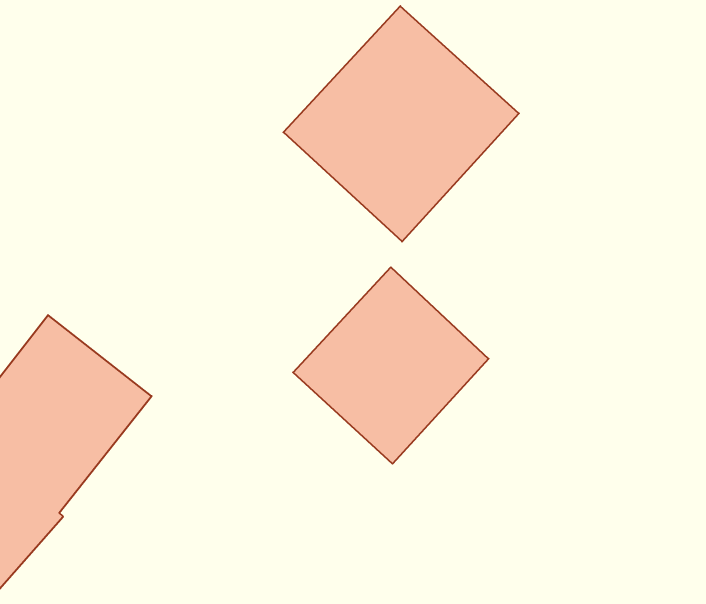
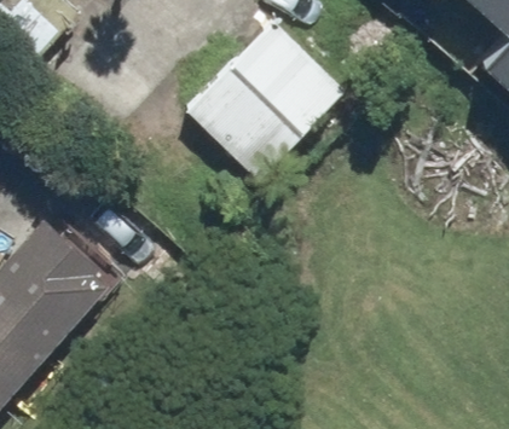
building: [293,267,489,464] -> none

